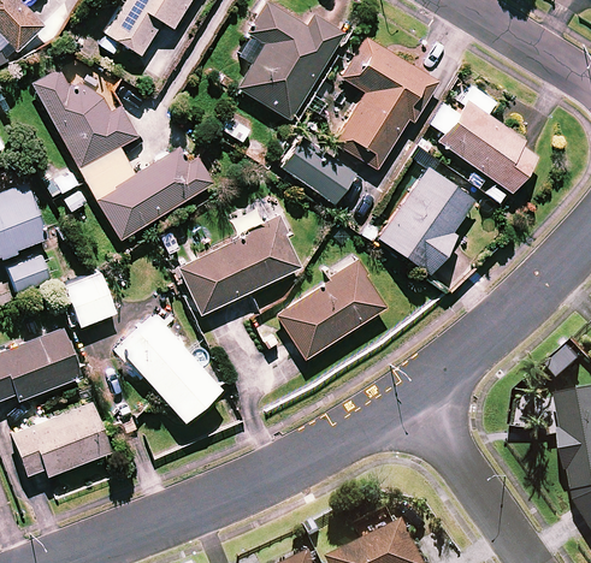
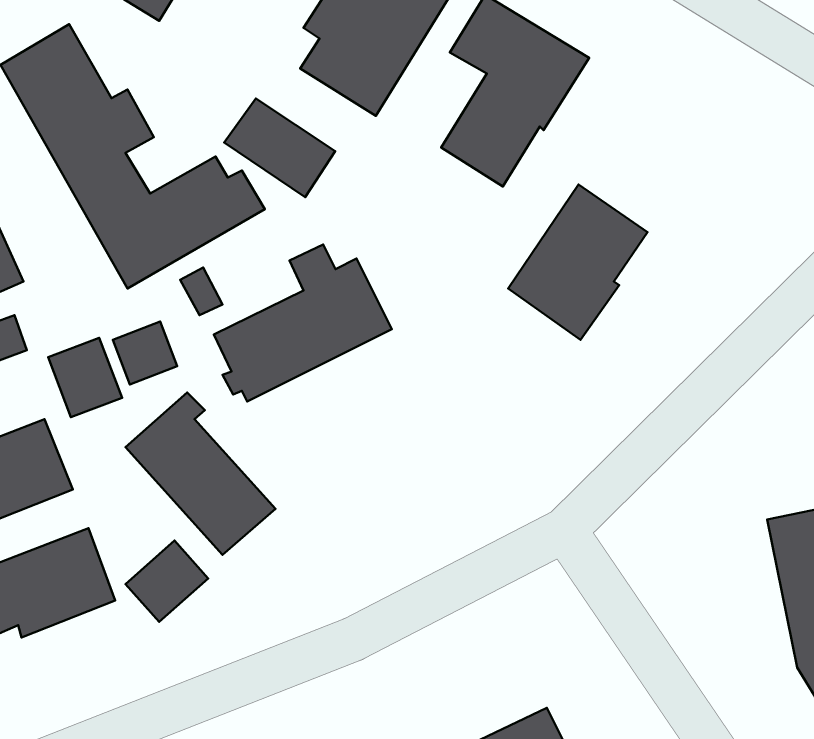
building: [431,88,538,205] -> none
building: [278,136,354,203] -> [224,98,335,197]
building: none -> [113,322,177,384]
building: [266,263,386,368] -> none
building: none -> [125,540,208,622]

